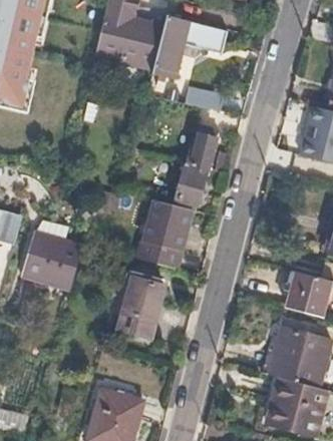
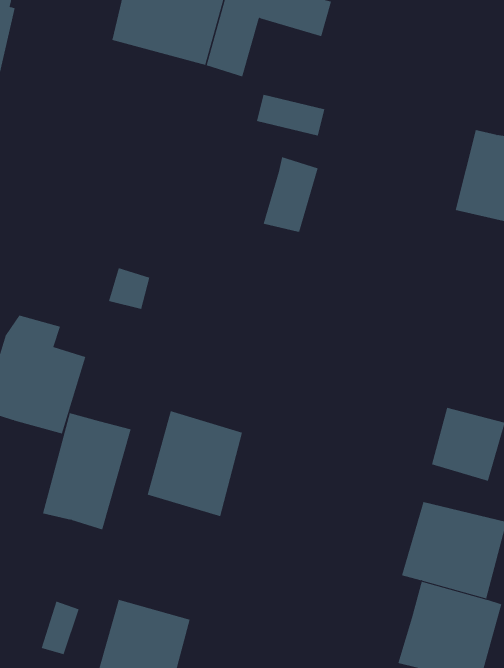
building: [180,163,207,205] -> none
building: [137,198,191,269] -> [42,412,132,530]

